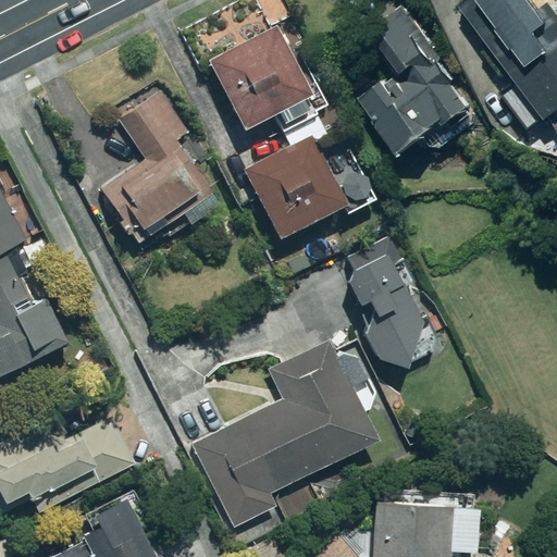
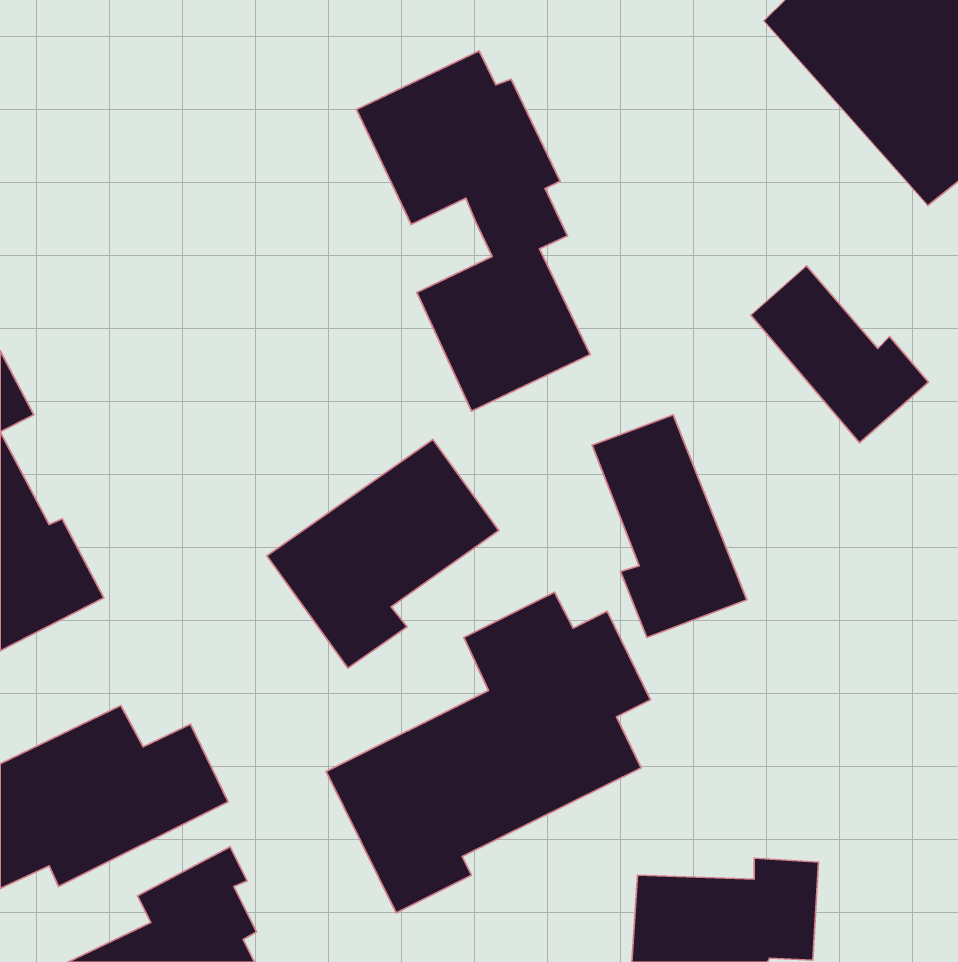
building: [358,7,476,158] -> none
building: [89,90,199,238] -> none
building: none -> [751,266,928,443]
building: none -> [267,439,499,668]

